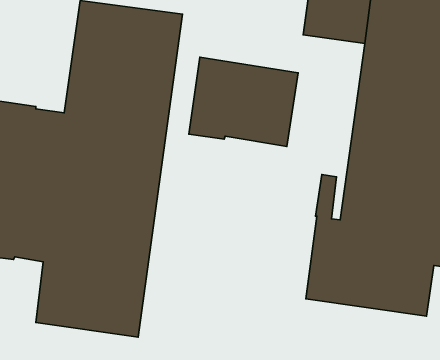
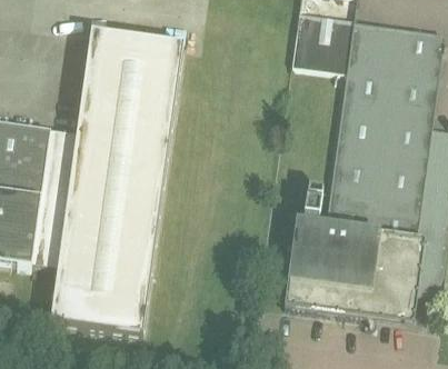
building: [189,57,298,147] -> none

